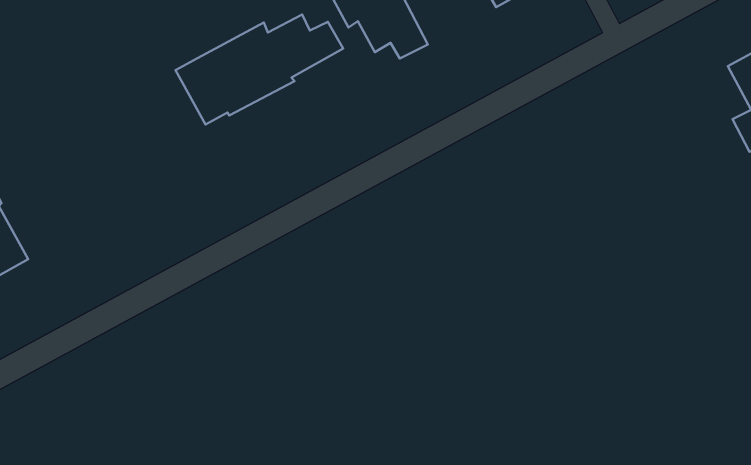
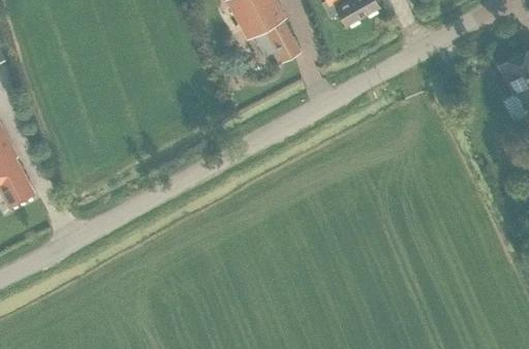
building: [175,15,343,124] -> none

